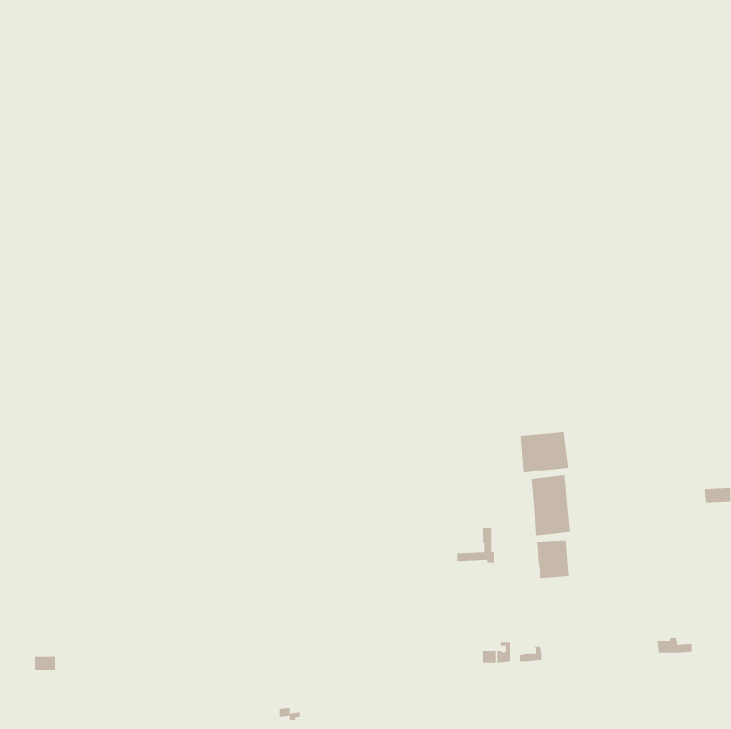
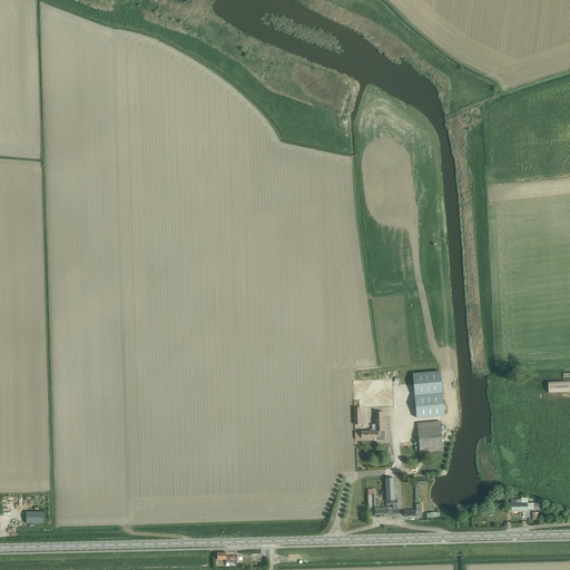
building: [520,431,569,473] -> none

